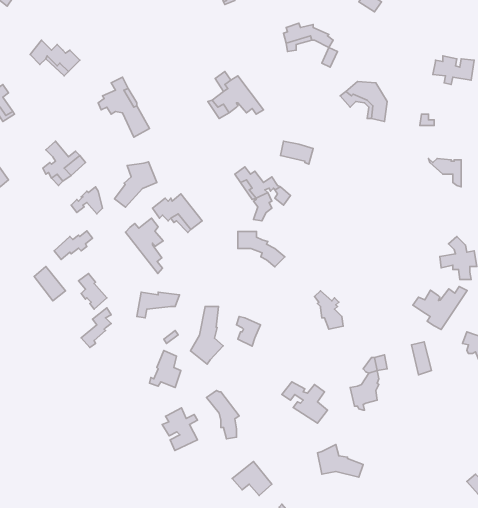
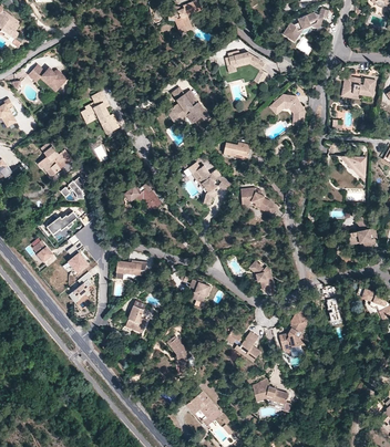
building: [114,162,157,207] -> none
building: [125,218,163,273] -> none
building: [238,231,285,267] -> [242,189,278,217]
building: [413,287,467,329] -> none
building: [190,306,223,364] -> none
building: [162,408,198,451] -> none

